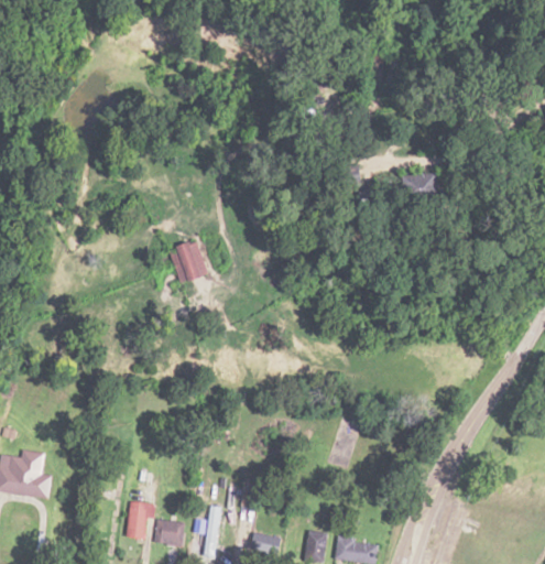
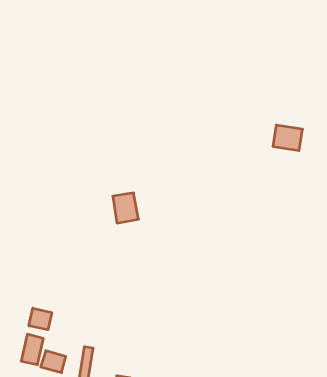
building: [171,240,209,283] -> [113,193,139,223]
building: none -> [29,308,52,330]

